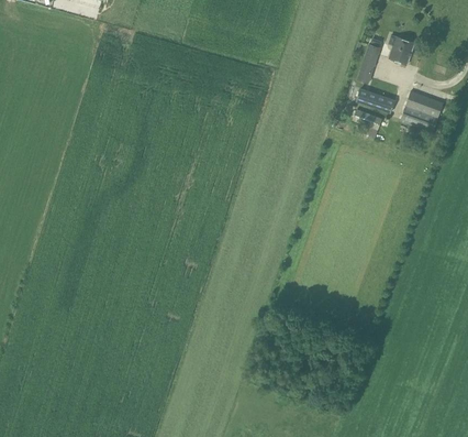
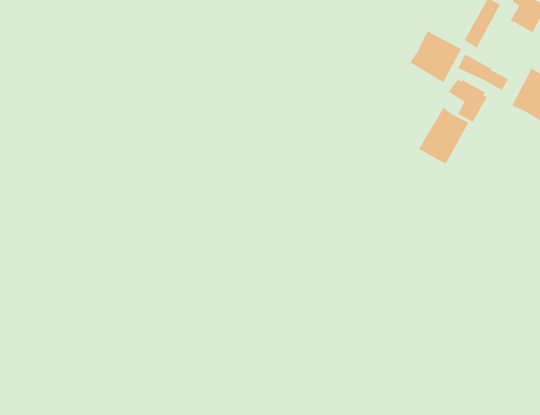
building: none -> [409,31,462,83]
building: none -> [418,107,469,165]

